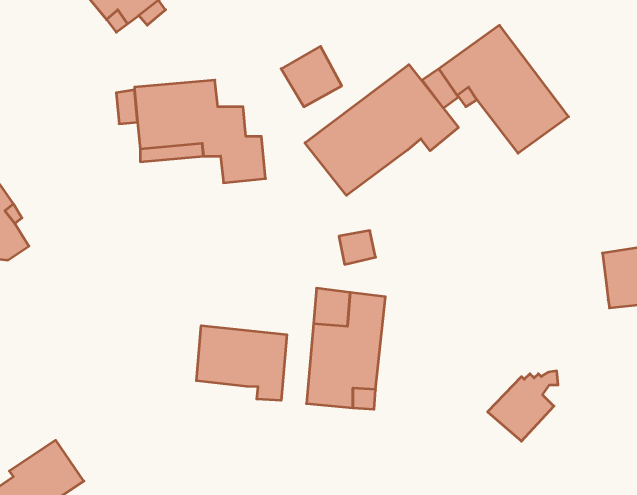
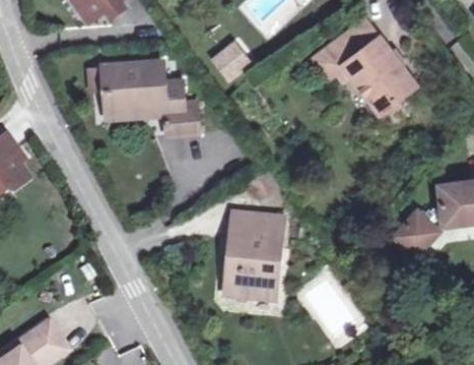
building: [305,65,458,195] -> none
building: [196,326,287,400] -> none
building: [488,371,558,441] -> [394,208,445,259]

